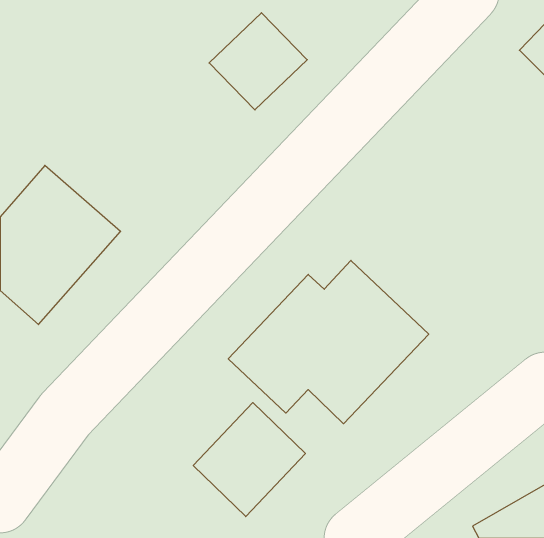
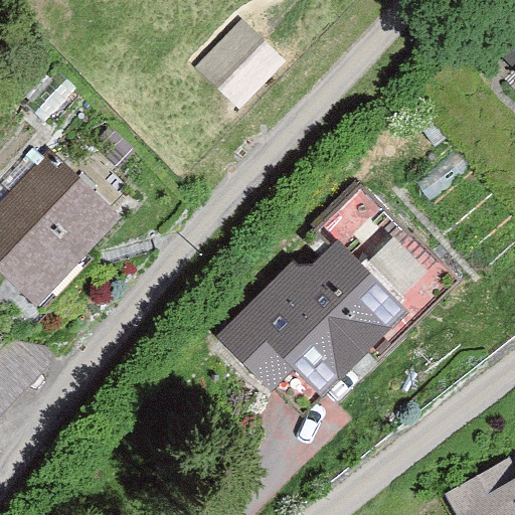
building: [193,403,305,517] -> none

